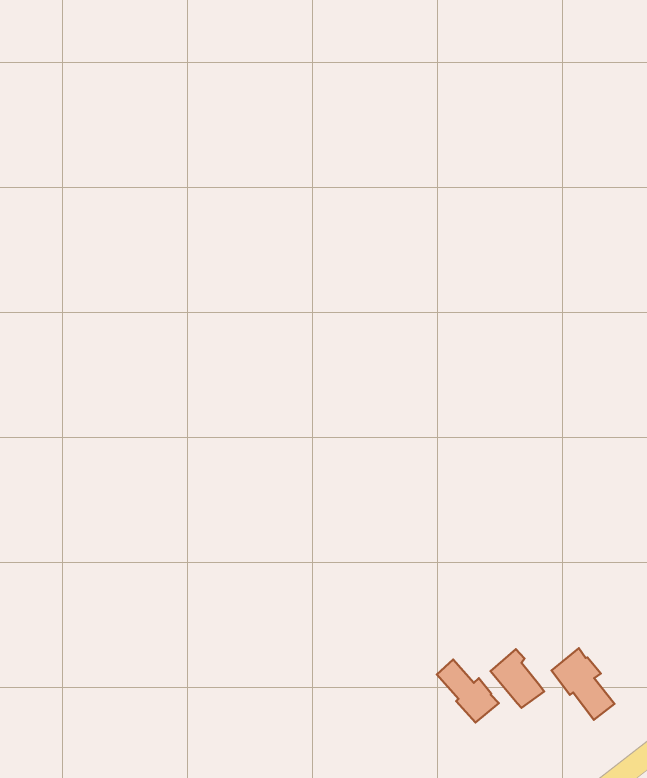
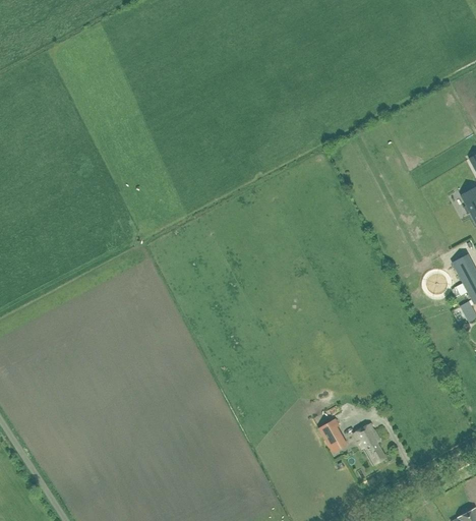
building: [437,659,499,723] -> none

